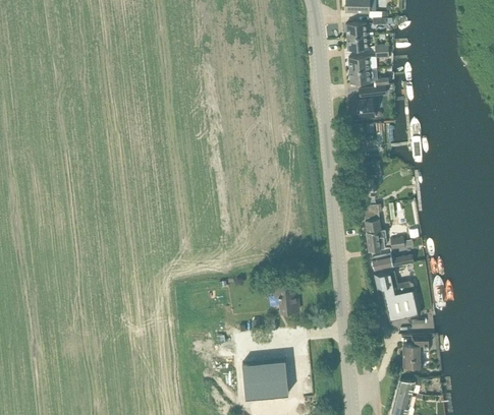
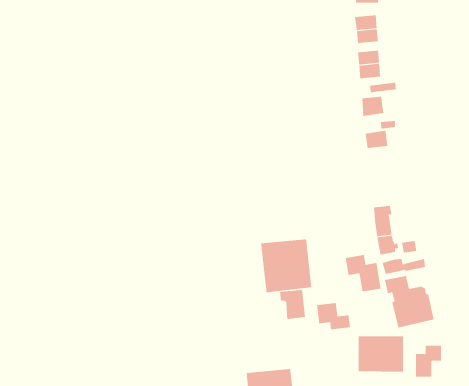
building: none -> [260,239,312,293]
building: none -> [345,254,381,292]
building: none -> [317,302,350,330]
building: none -> [358,335,404,372]

